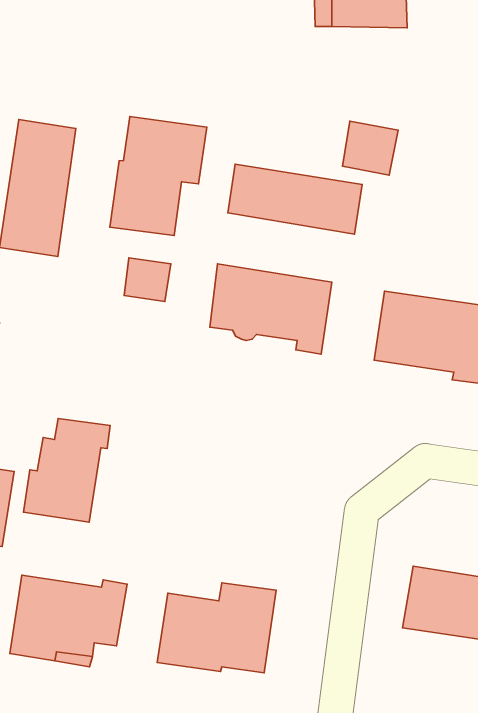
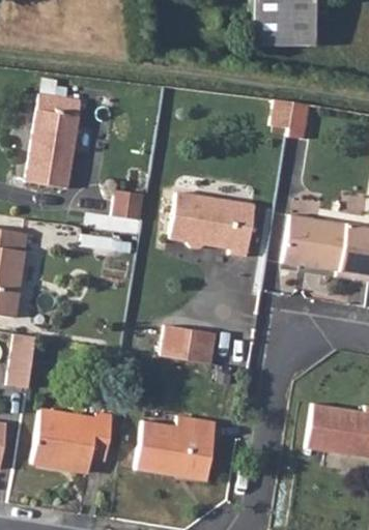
building: [110,117,207,236] -> none
building: [228,164,362,234] -> none
building: [24,419,110,522] -> none
building: none -> [161,326,217,364]

